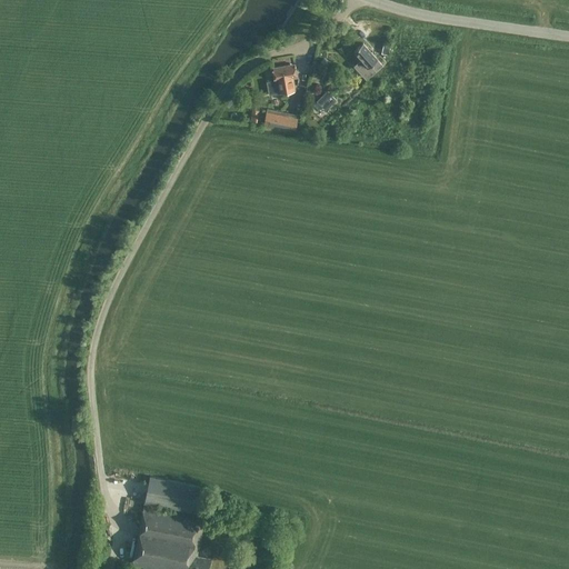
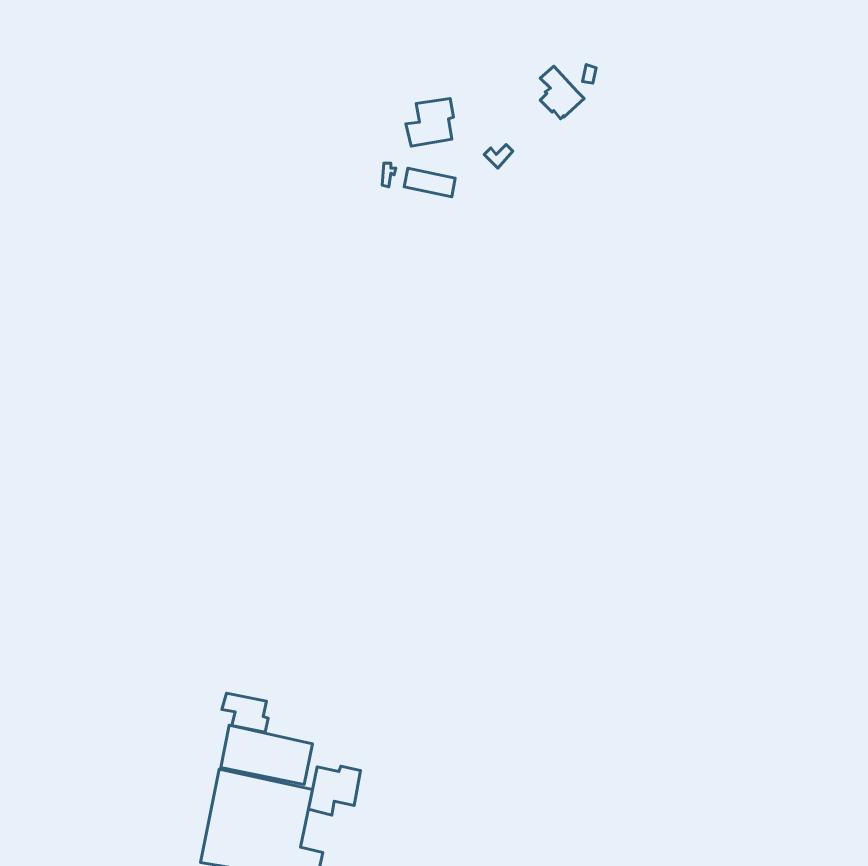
building: none -> [222,693,268,732]
building: none -> [309,766,361,815]

